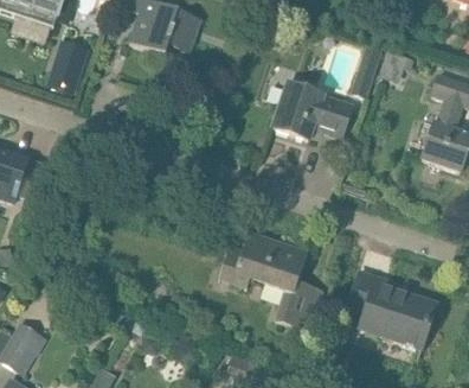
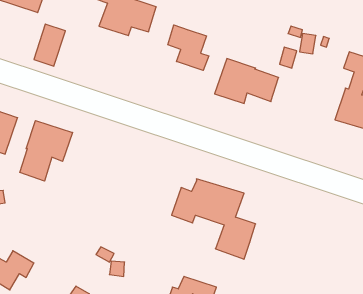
building: none -> [168,25,209,70]
building: none -> [20,121,73,181]
building: [346,271,437,349] -> none

